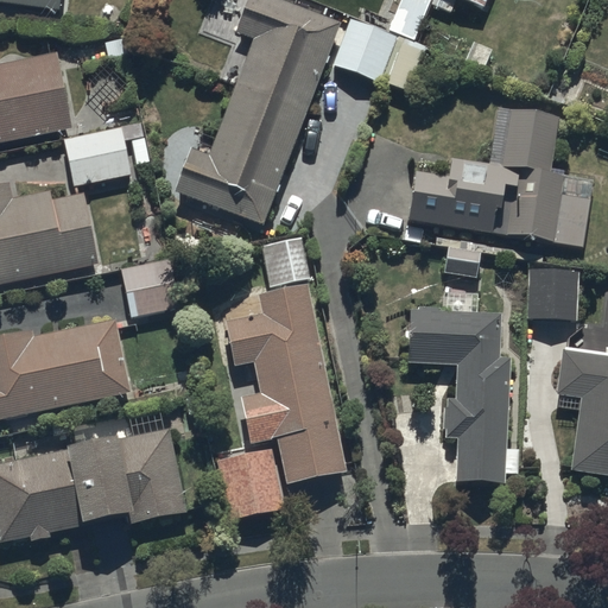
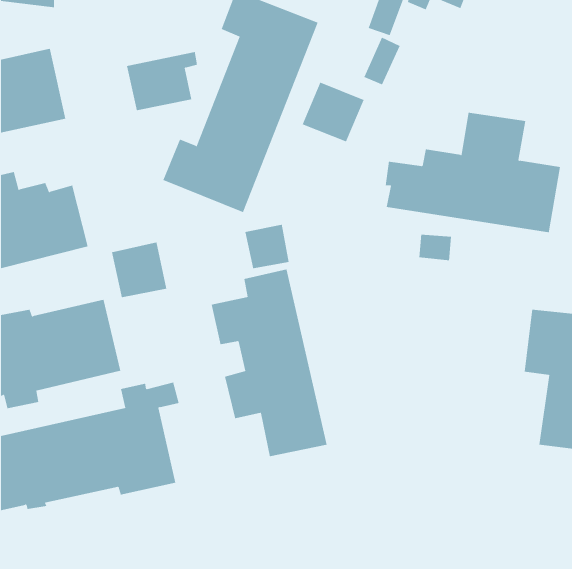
building: [331,19,398,83] -> [302,82,365,142]
building: [63,124,139,186] -> [126,51,198,111]
building: [527,266,580,319] -> none
building: [408,308,520,483] -> none
building: [216,451,283,520] -> none

